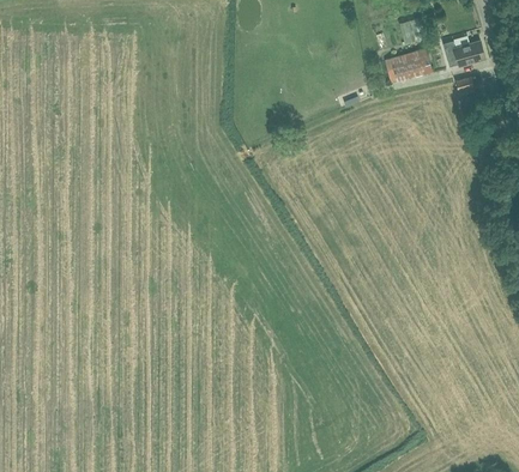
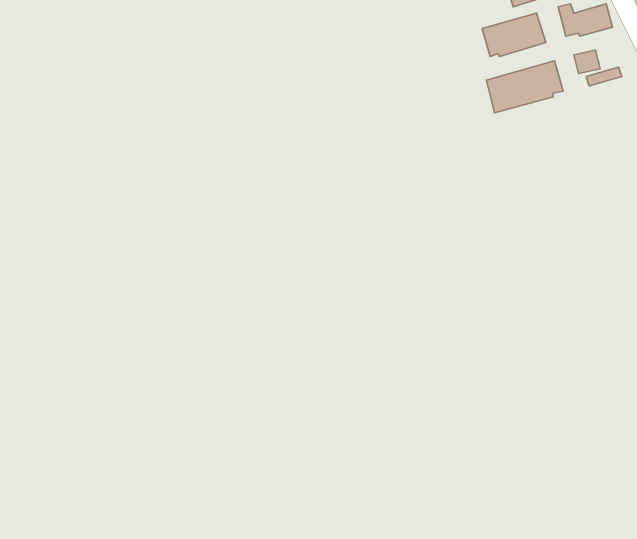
building: none -> [486,61,563,113]

